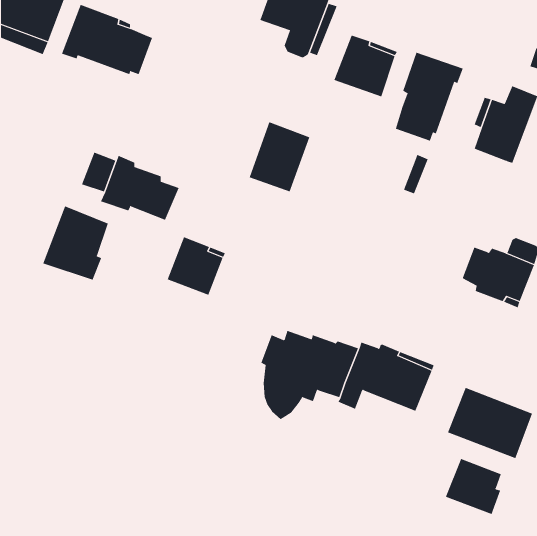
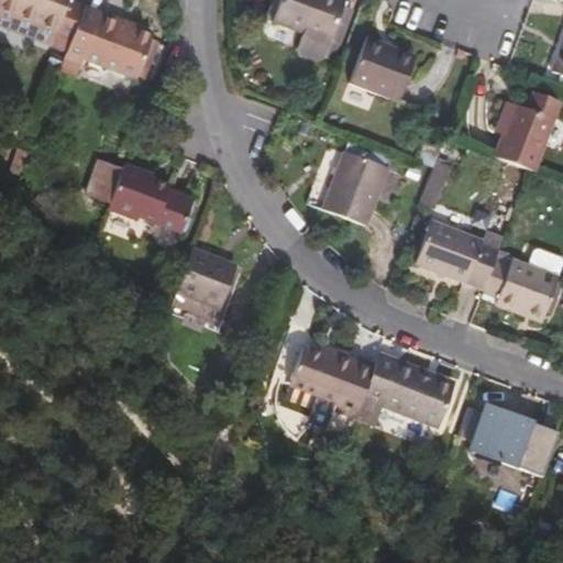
building: [395,52,464,142] -> none
building: [249,121,310,192] -> [324,151,388,224]
building: [42,206,109,281] -> none
building: none -> [417,220,500,289]
building: [445,458,502,515] -> none

